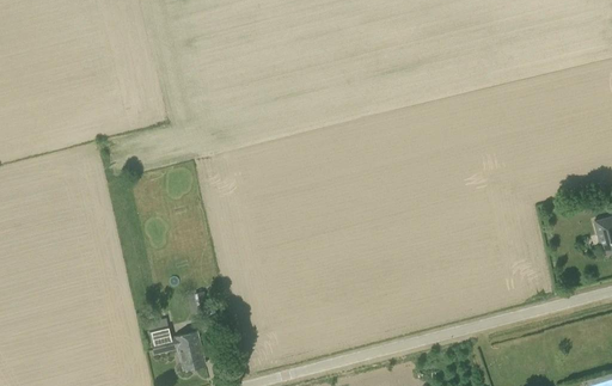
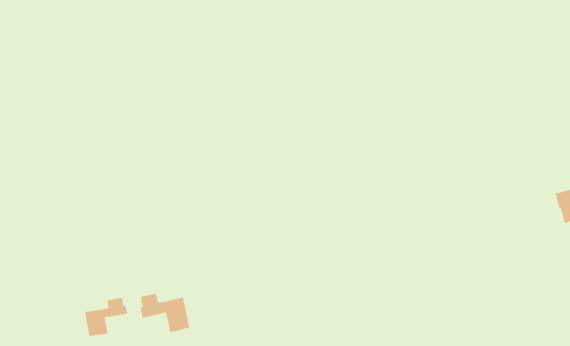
building: none -> [84,297,128,337]

